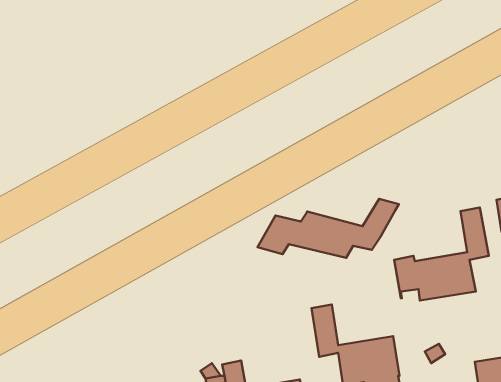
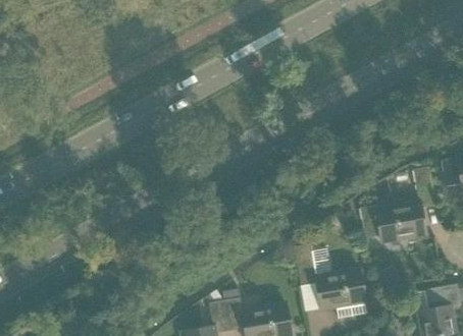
building: [257,199,399,258] -> none

